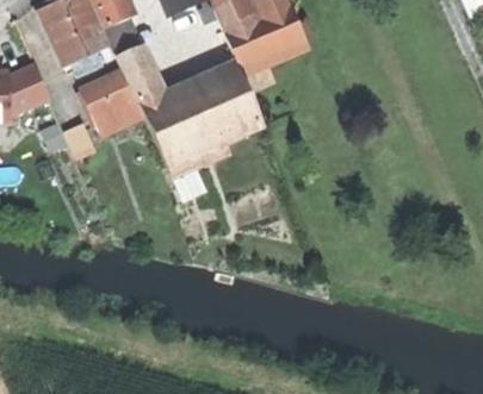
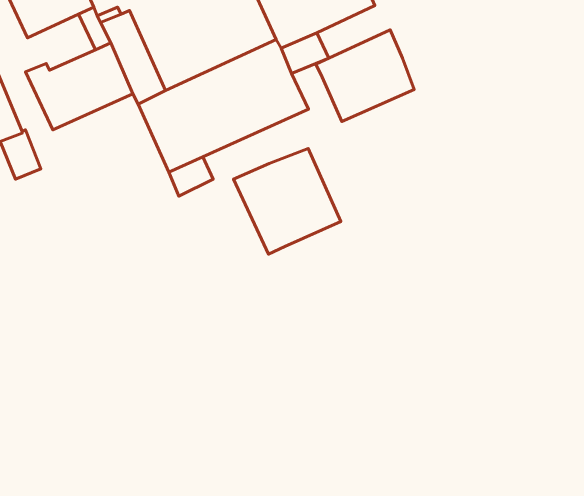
building: none -> [316,30,414,121]
building: none -> [234,148,341,254]

